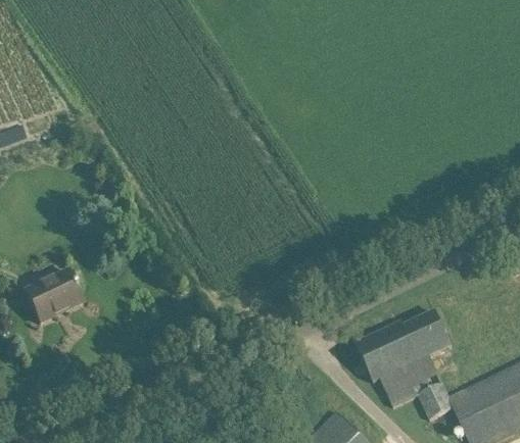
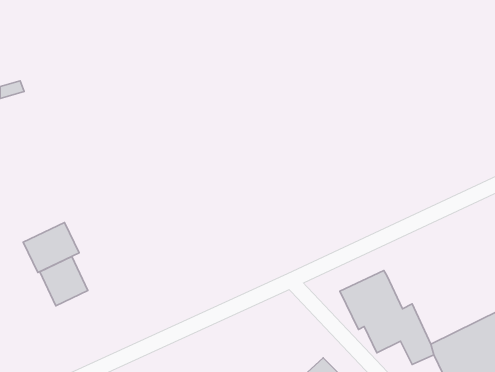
building: none -> [40,256,88,306]
building: [404,310,452,360] -> none

